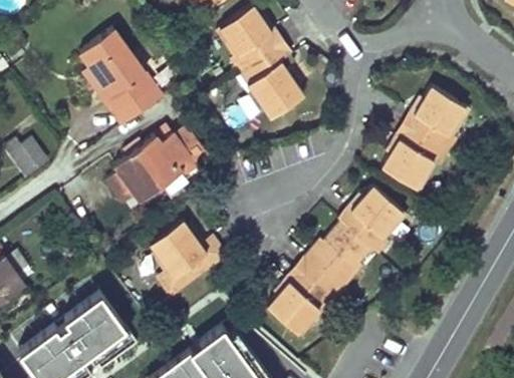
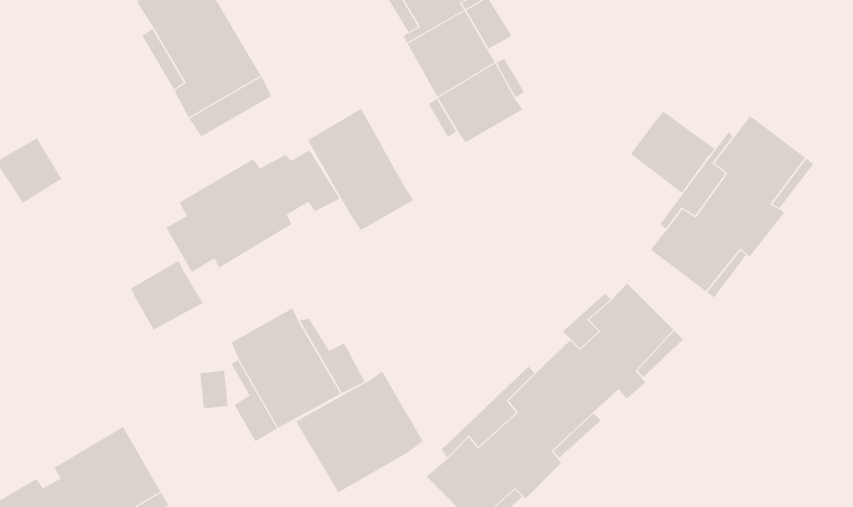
building: none -> [630,111,715,194]
building: none -> [307,108,414,231]
building: none -> [130,260,203,331]
building: none -> [295,371,424,493]

